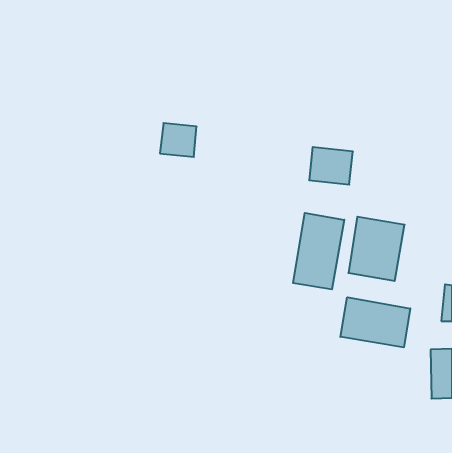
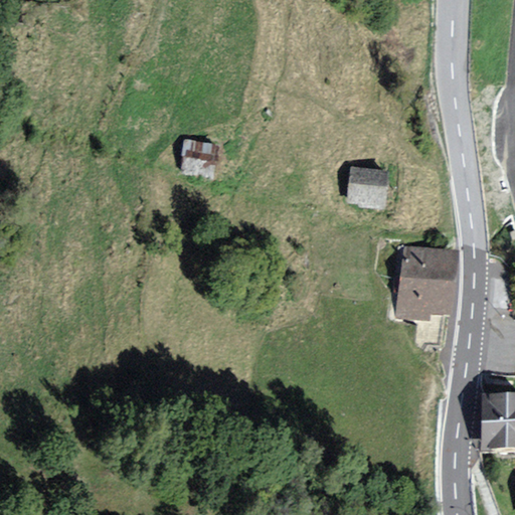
building: [293,213,344,289] -> none
building: [340,297,410,347] -> none

